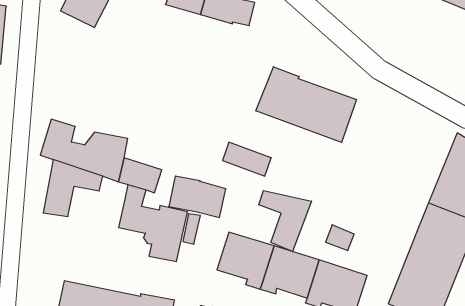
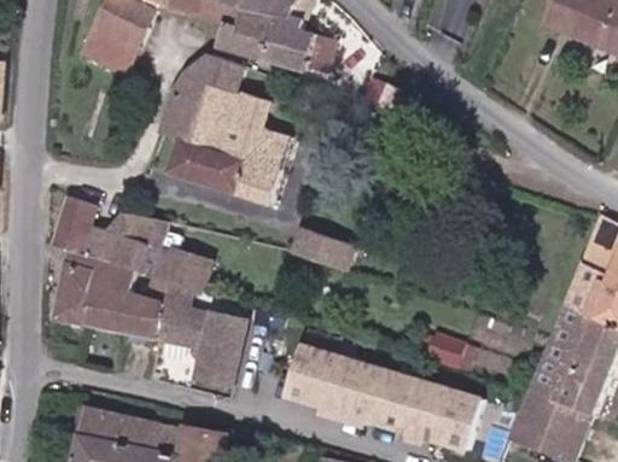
building: none -> [158,53,292,204]
building: [256,67,356,142] -> none
building: [169,176,226,217] -> [89,283,164,338]
building: [259,191,311,252] -> none

